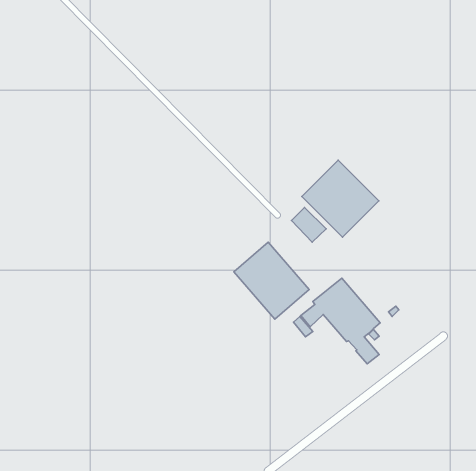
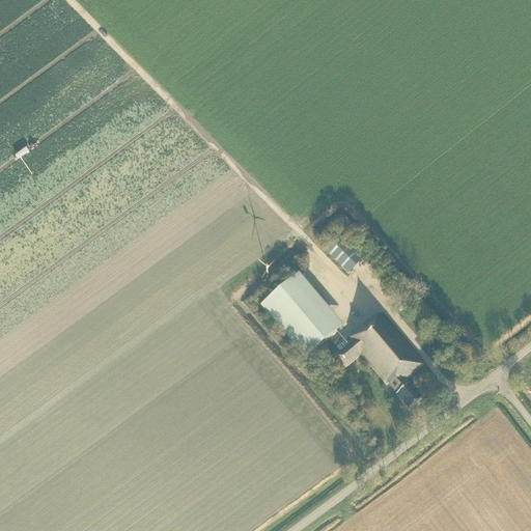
building: [302,160,379,237] -> none

